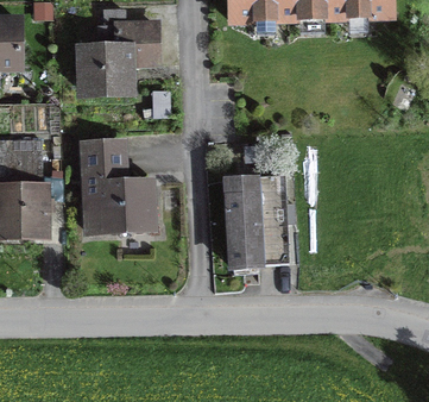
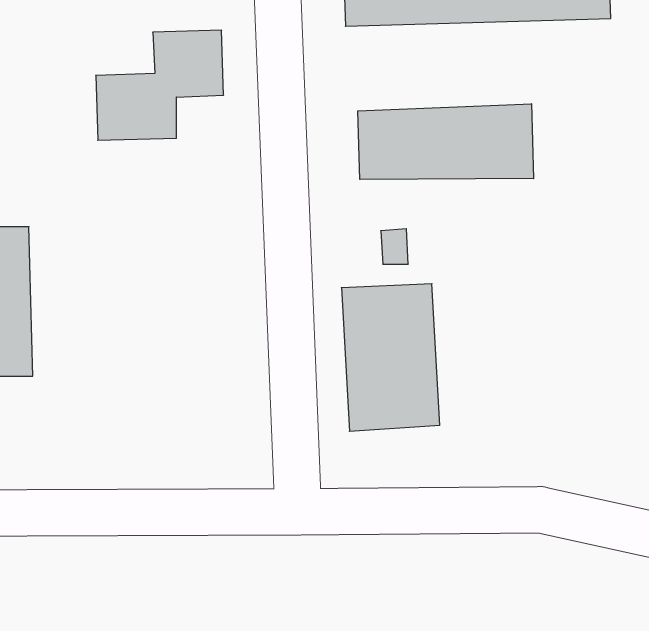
building: none -> [358,104,534,179]
building: [82,142,147,231] -> none

